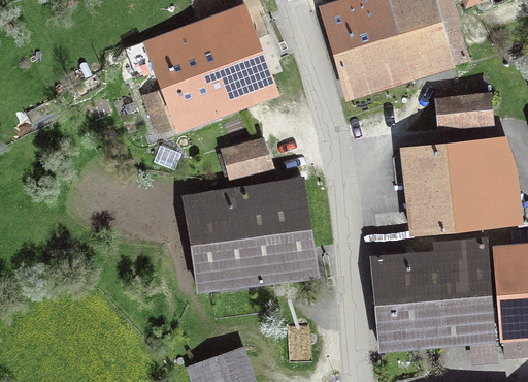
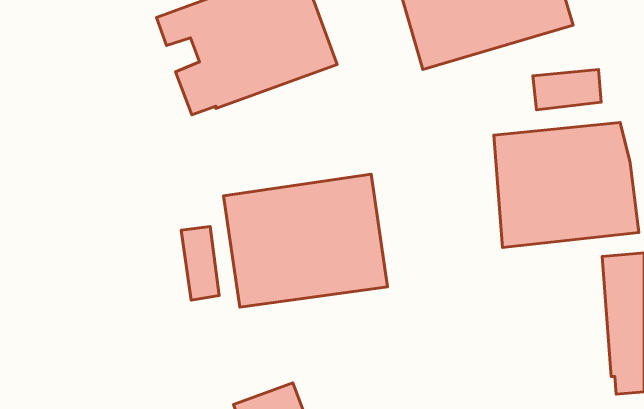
building: [223,138,271,173] -> none
building: none -> [181,226,219,300]
building: [371,236,497,364] -> none

